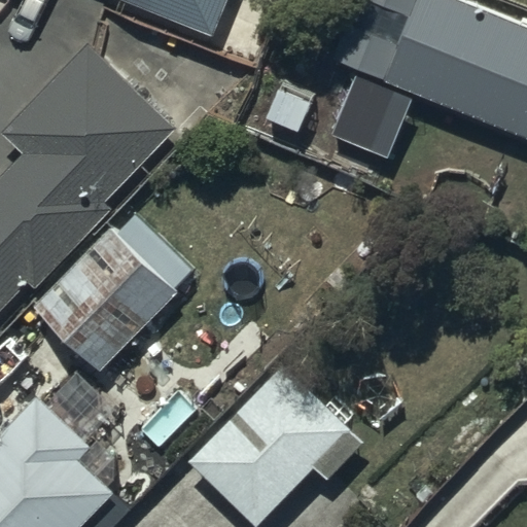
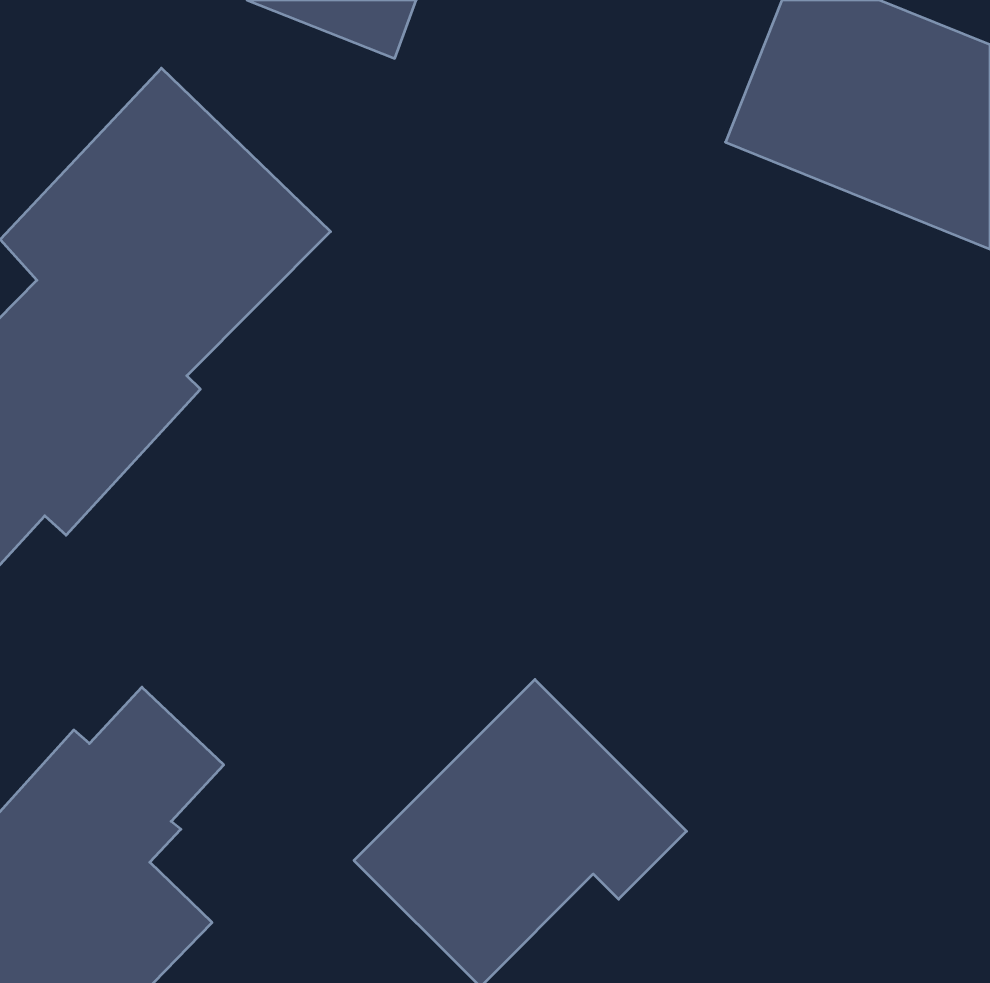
building: [33,226,178,372] -> none

